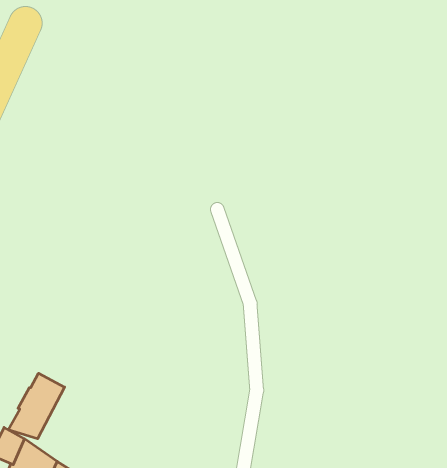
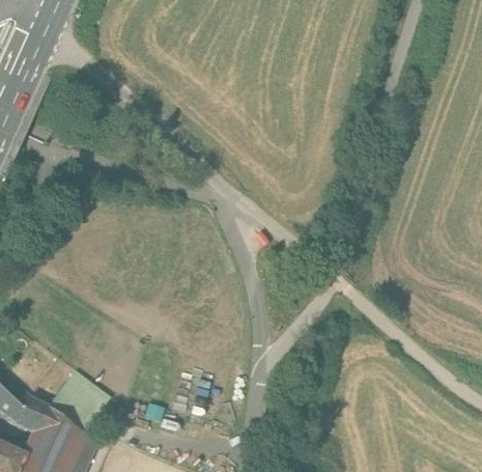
building: [8,373,65,439] -> none

